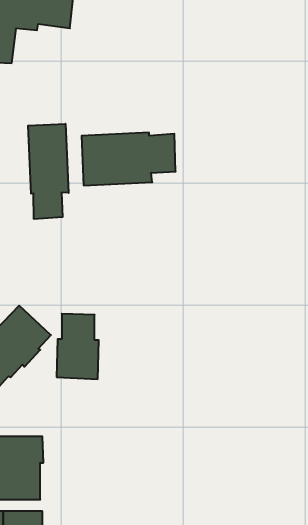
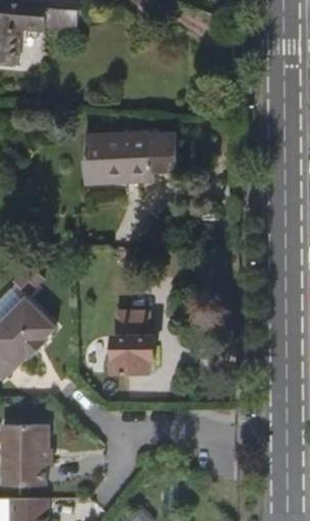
building: [28,124,69,219] -> none
building: [57,314,99,379] -> [109,311,149,374]

